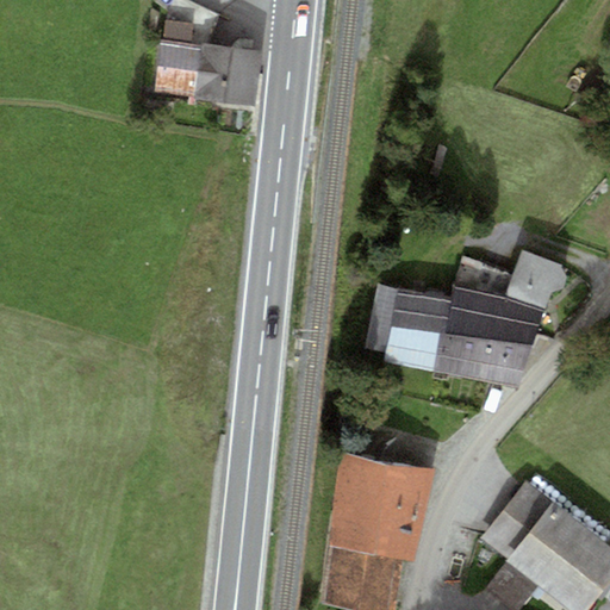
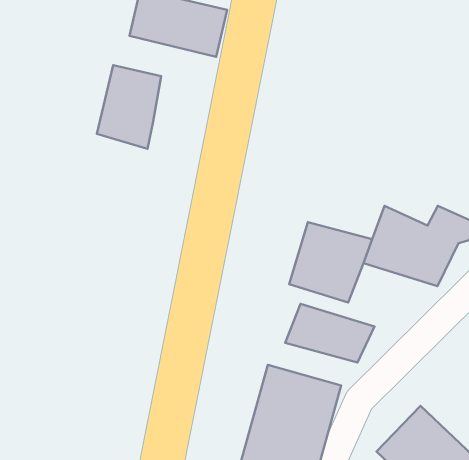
building: none -> [97,65,161,149]
building: [432,325,533,386] -> [285,304,374,362]

